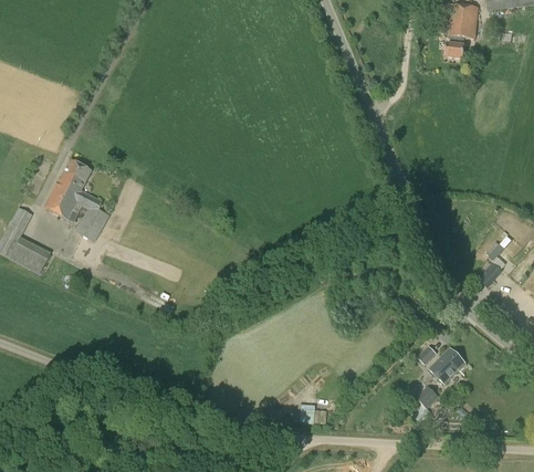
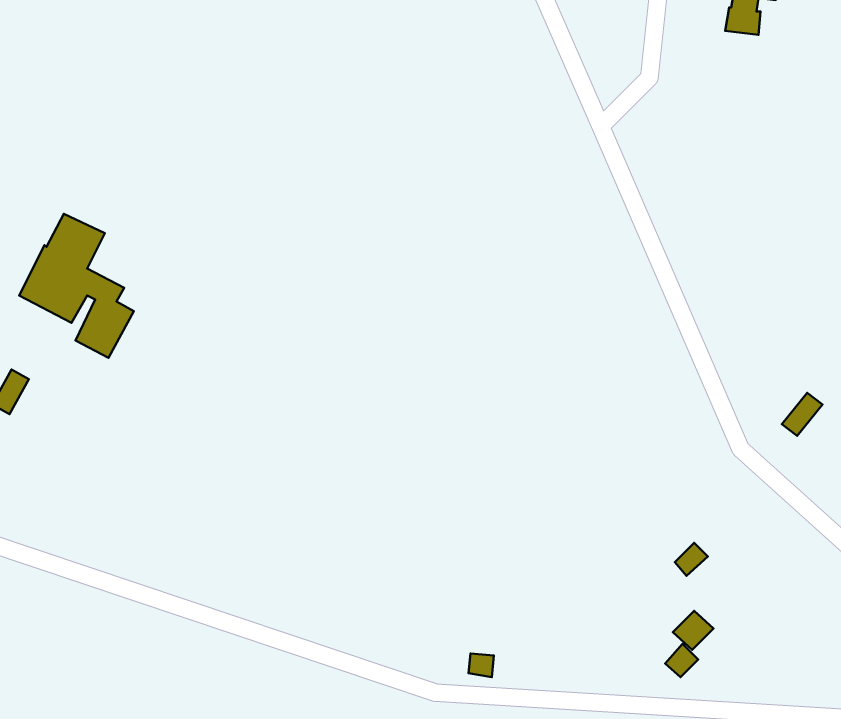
building: [430,346,465,382] -> none

